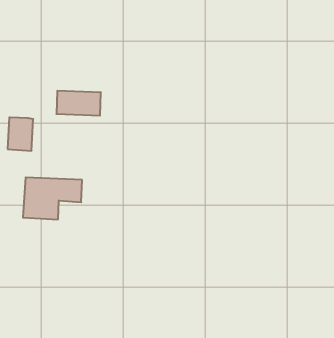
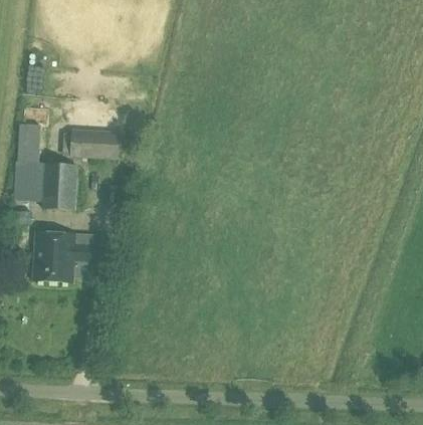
building: none -> [16,119,37,160]
building: none -> [42,162,77,209]

